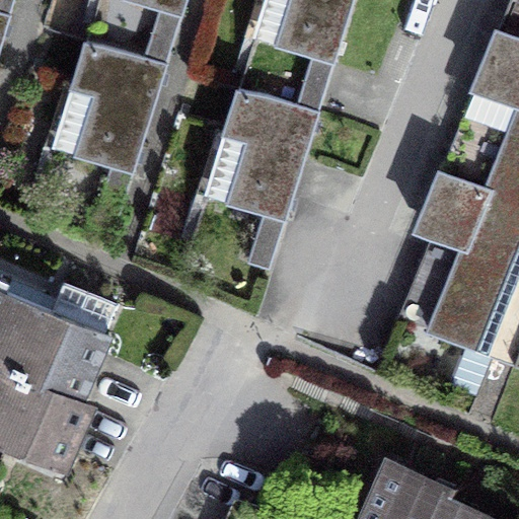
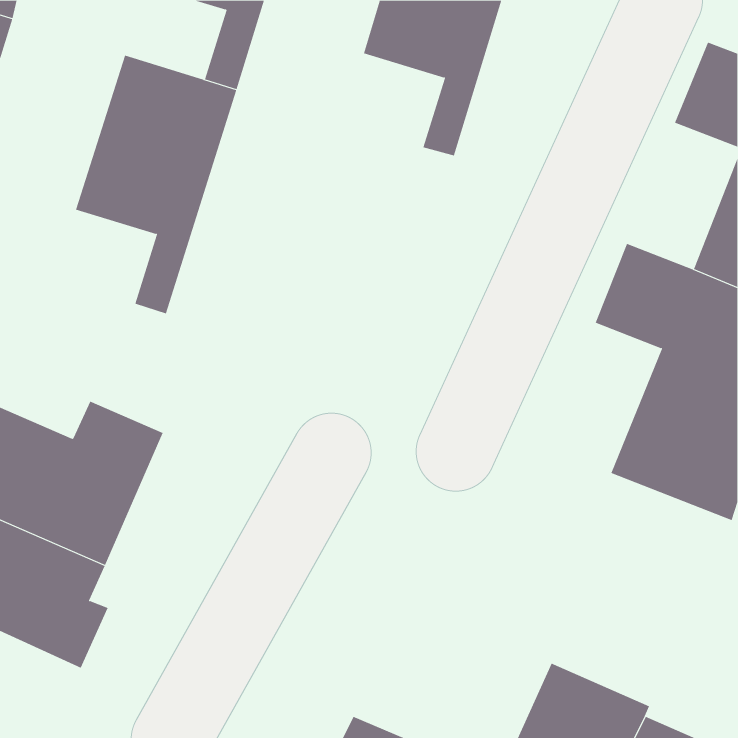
building: [205,86,318,270] -> none

